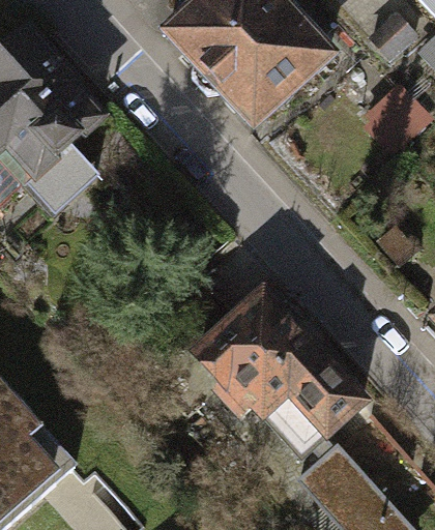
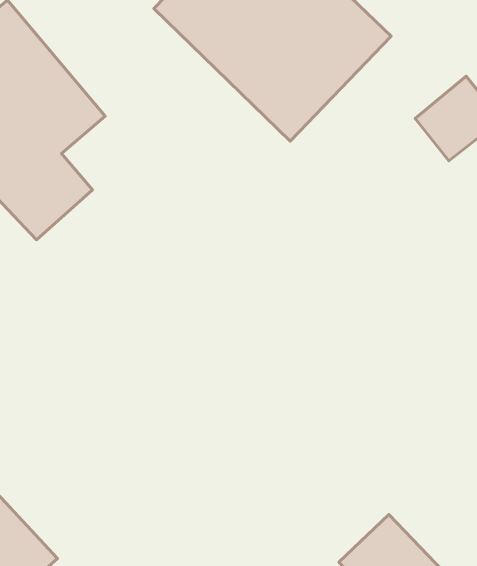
building: [185,282,371,444] -> none

